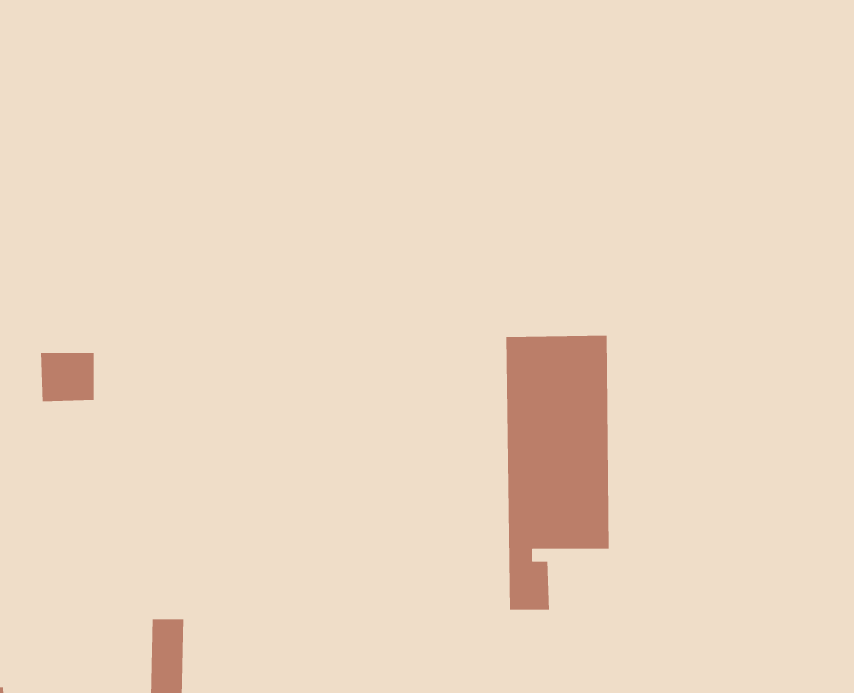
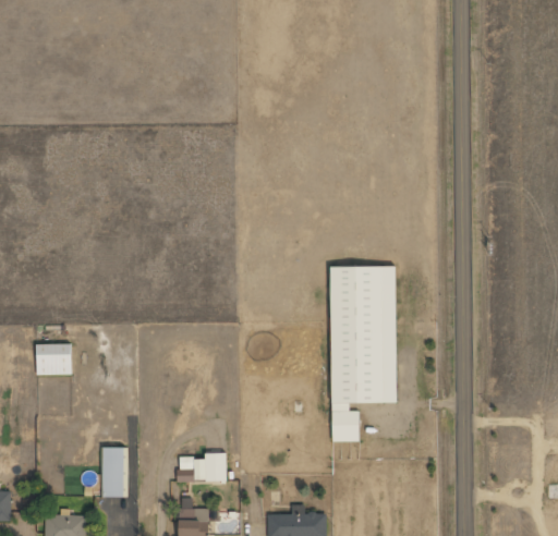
building: [40,353,95,402] -> [36,344,71,376]
building: none -> [177,453,227,483]

